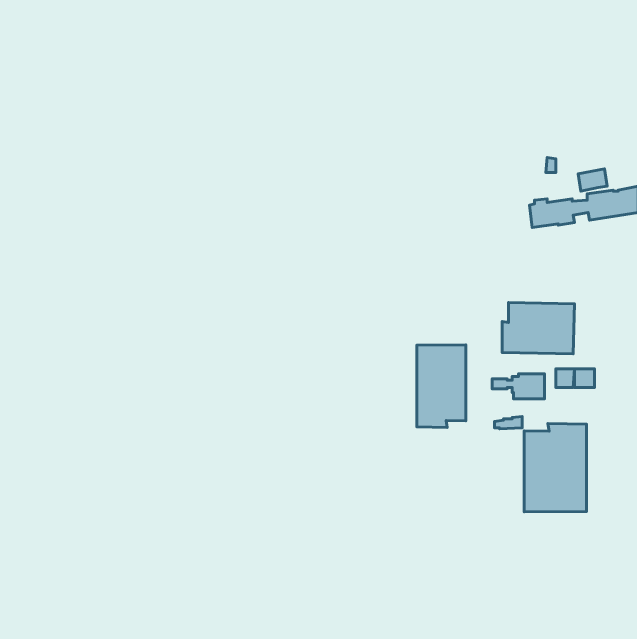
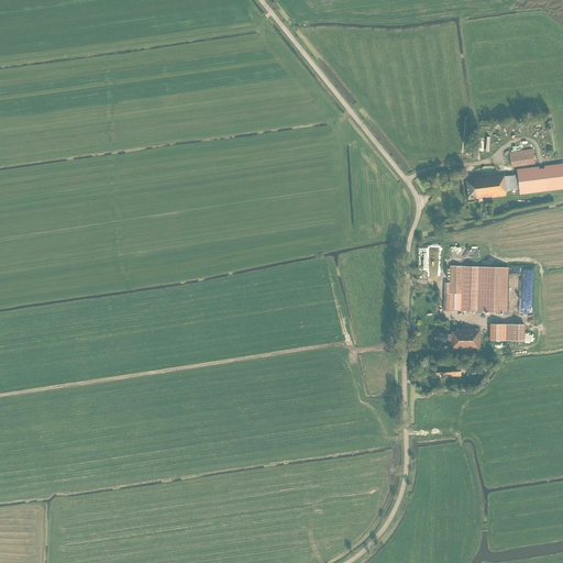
building: [417,345,466,428] -> none
building: [524,424,587,512] -> none

